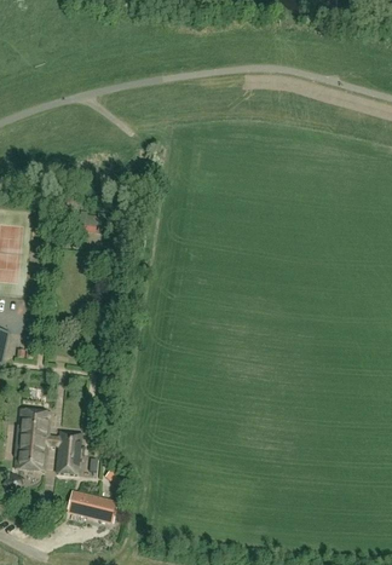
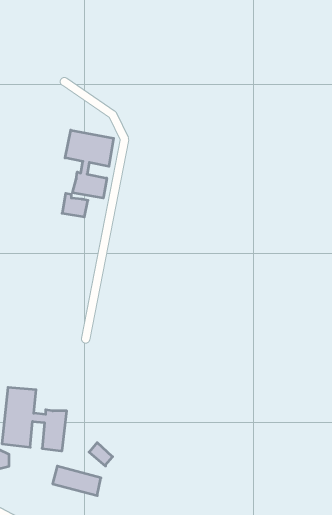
building: none -> [65,130,114,198]

